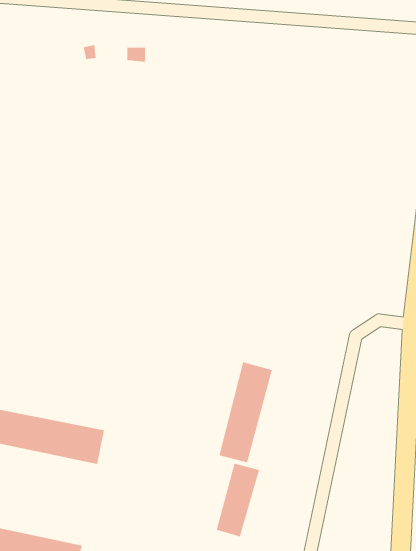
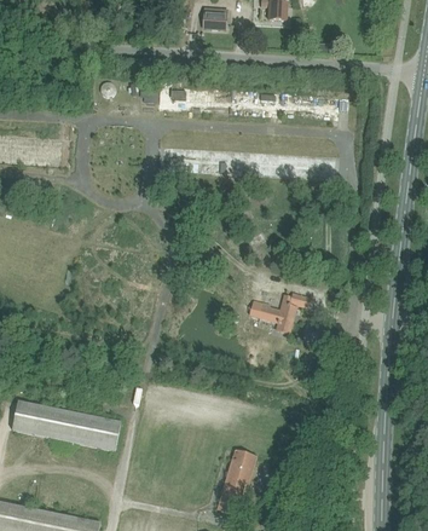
building: none -> [259,293,311,333]
building: [219,361,273,463] -> none

